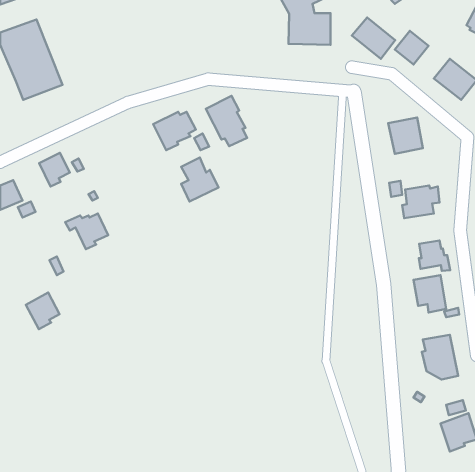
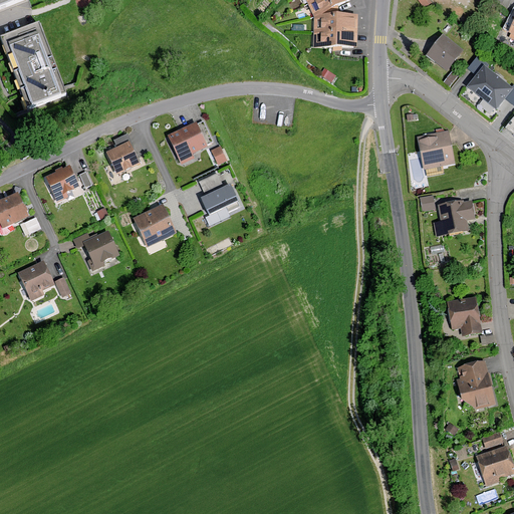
building: [352,18,395,59] -> none
building: [206,96,247,146] -> none
building: none -> [105,133,139,173]
building: none -> [133,203,176,246]
building: [419,240,450,271] -> none
building: [26,293,59,329] -> [17,260,53,299]

